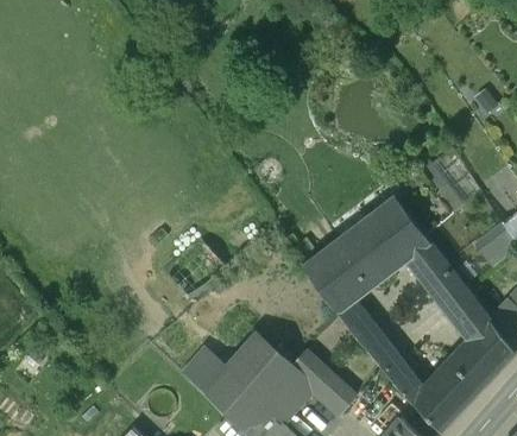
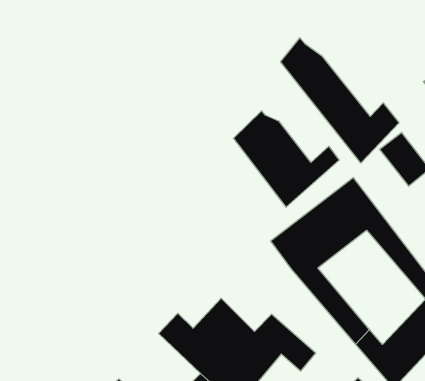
building: none -> [281,38,399,163]
building: none -> [233,111,339,207]

